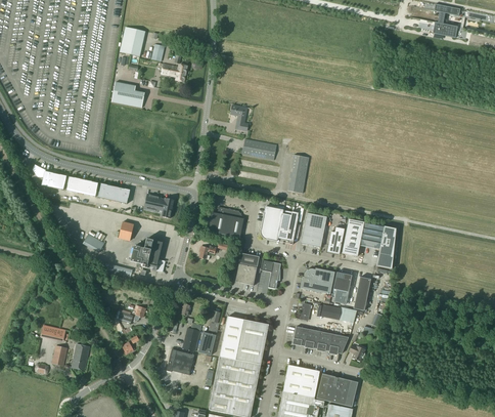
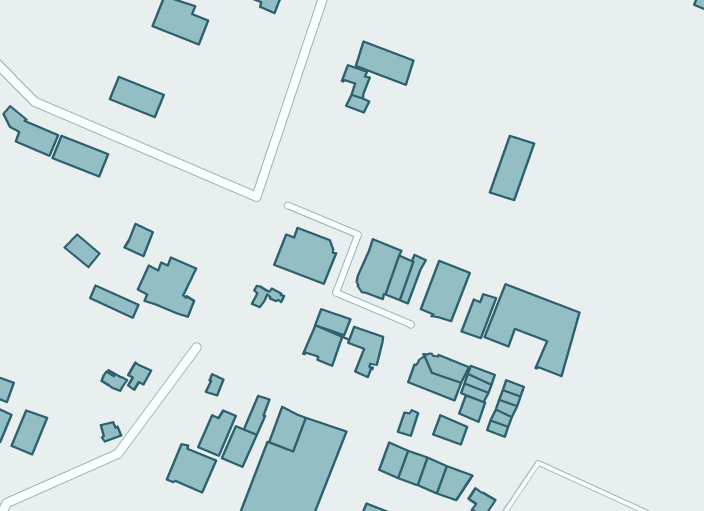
building: [242,138,276,160] -> [356,41,413,85]
building: [287,155,309,193] -> [490,136,534,200]
building: [98,183,130,204] -> [110,77,164,117]
building: [143,194,173,218] -> none

